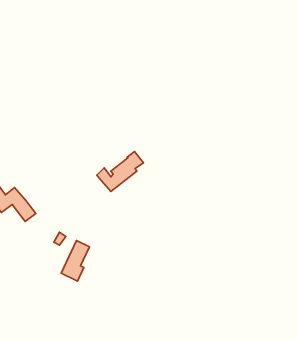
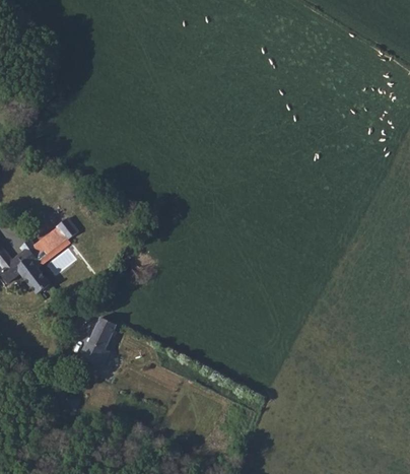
building: [97,151,143,191] -> [18,219,76,269]

